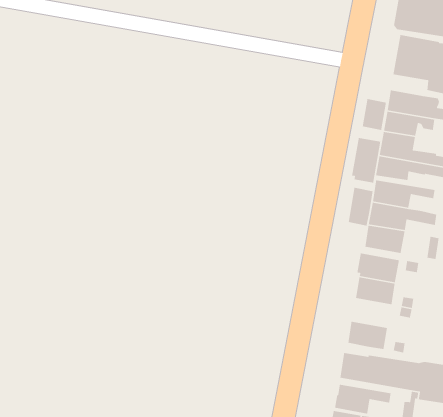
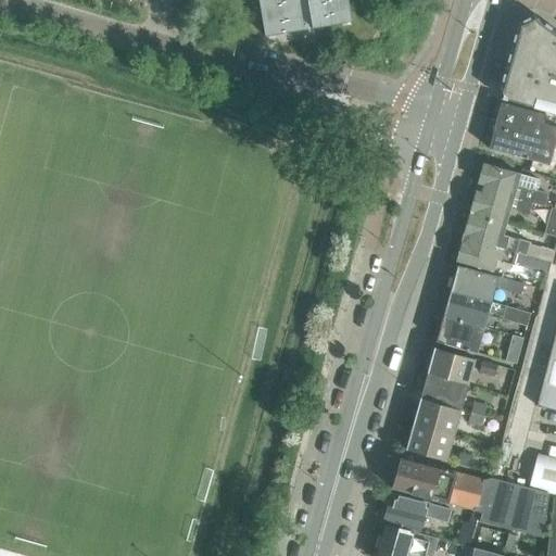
building: [362,98,387,131] -> none
building: [351,137,381,183] -> none
building: [348,187,373,226] -> none
building: none -> [413,399,462,435]

